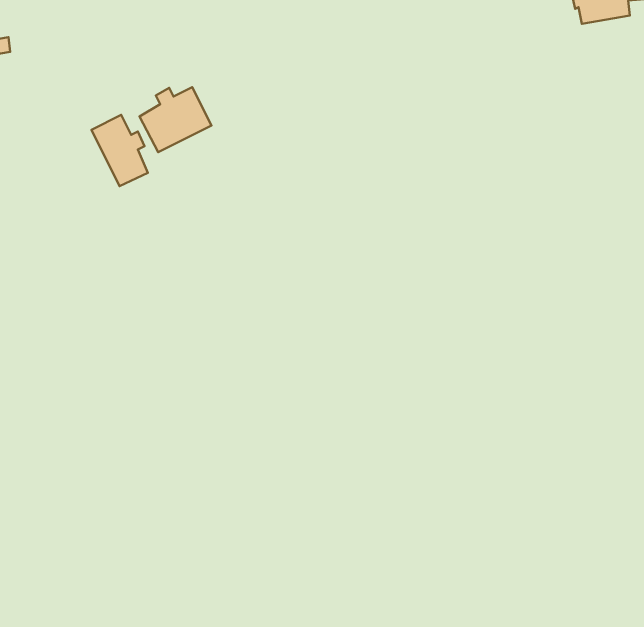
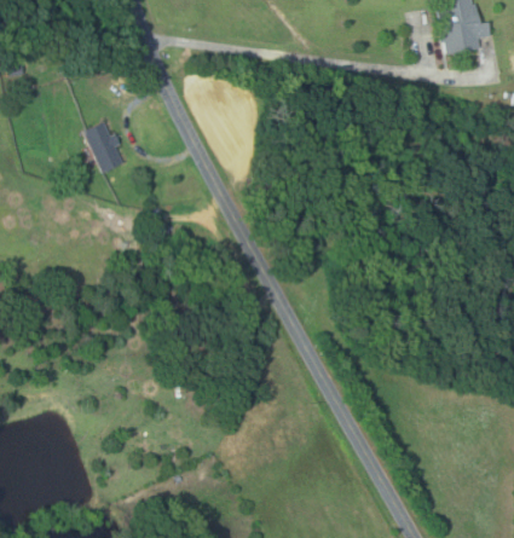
building: [140,87,211,152] -> none

